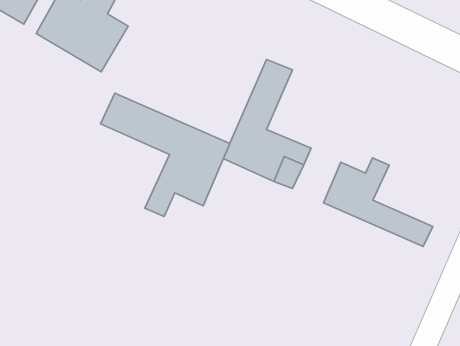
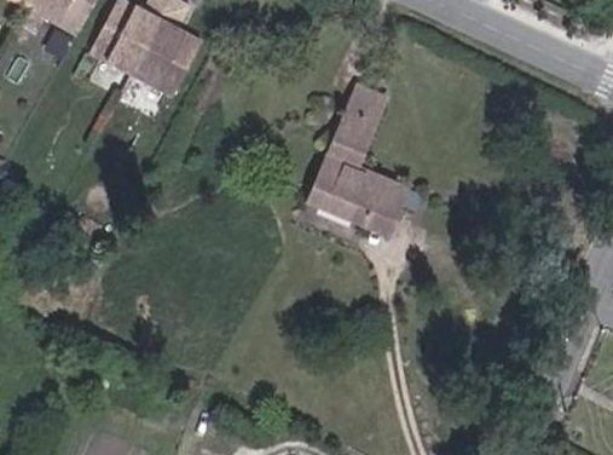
building: [100,93,230,216] -> none
building: [324,158,433,247] -> none

